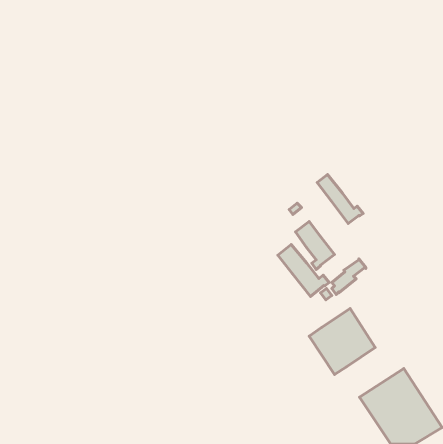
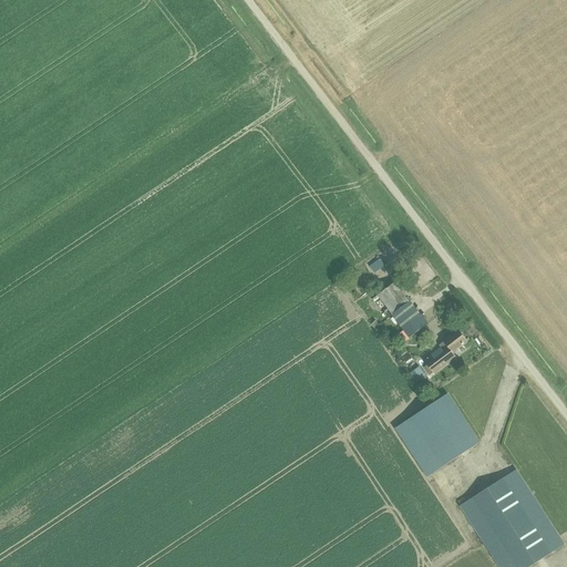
building: [317,174,363,224] -> none
building: [278,244,329,296] -> none

